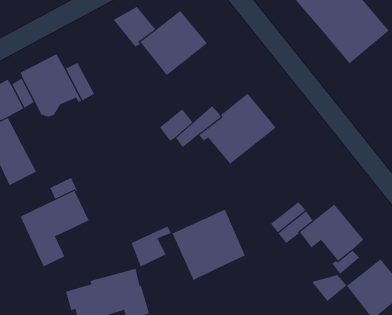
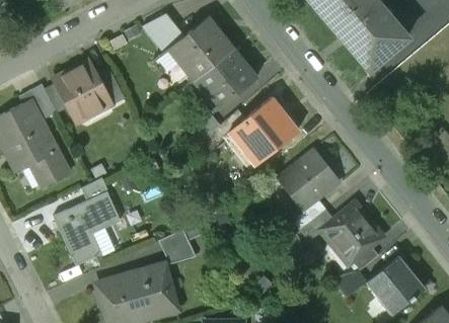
building: none -> [195,50,257,110]
building: none -> [278,149,341,212]
building: [172,209,245,281] -> none

